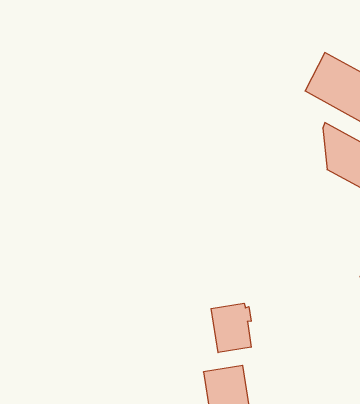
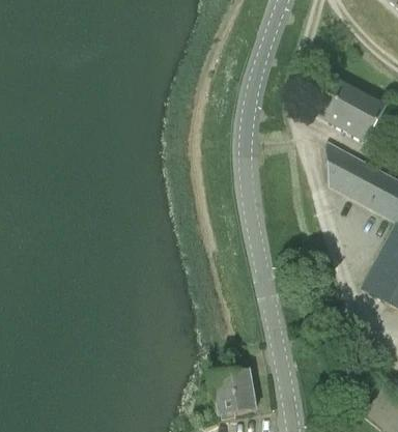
building: [211,303,251,353] -> none

